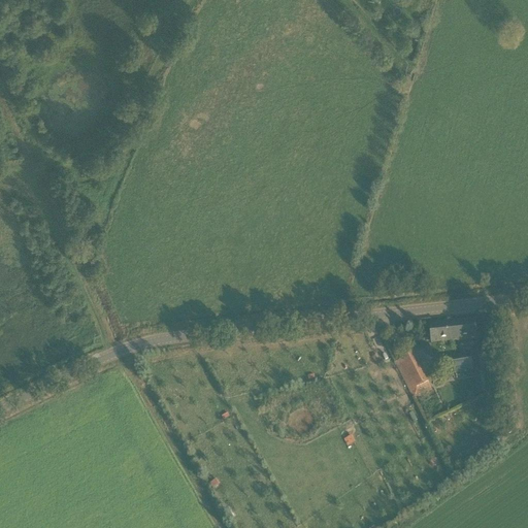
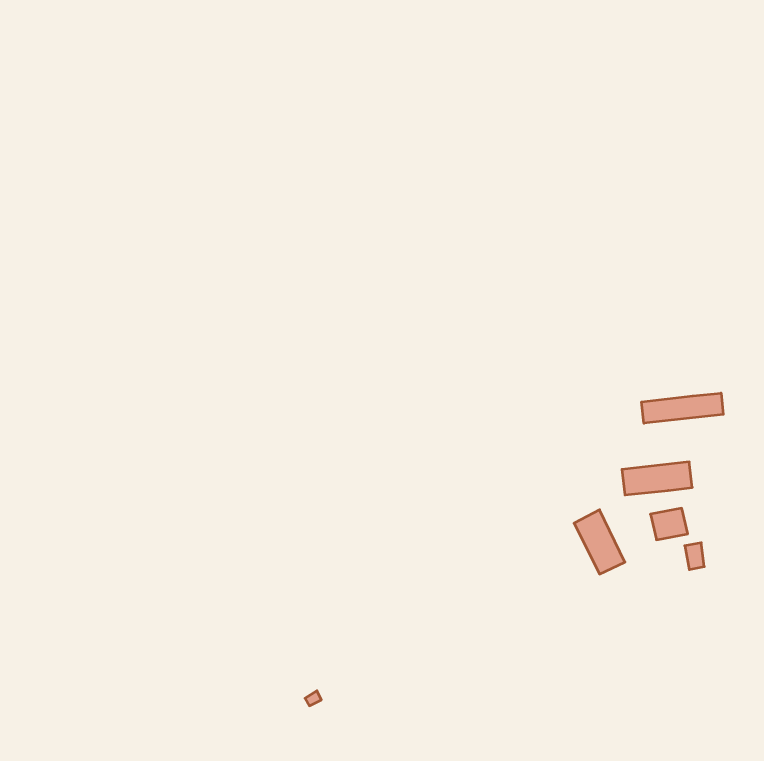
building: none -> [642,393,723,423]

